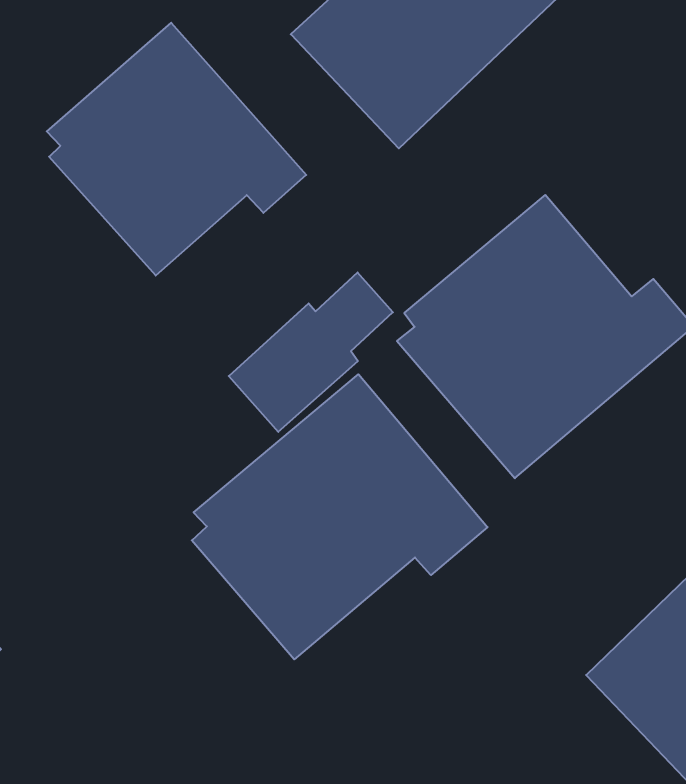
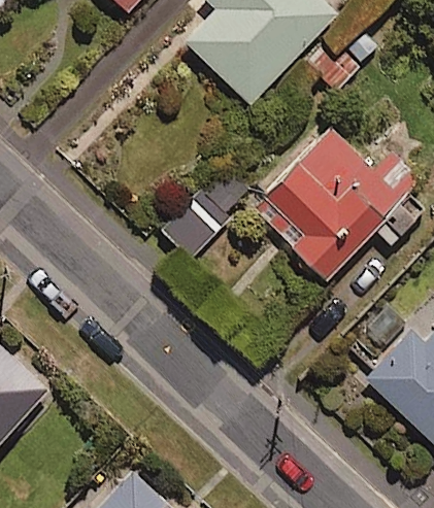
building: [47,23,306,276] -> none
building: [192,374,488,659] -> none

